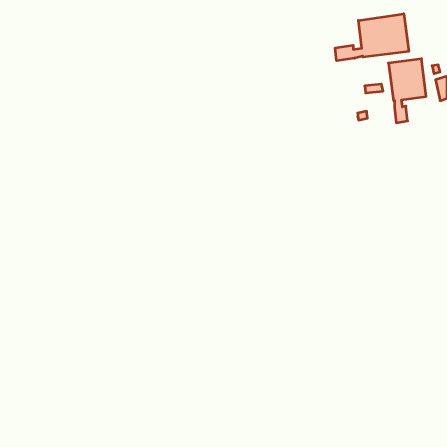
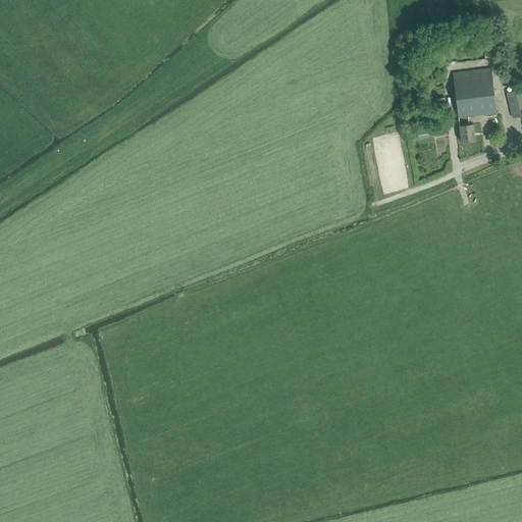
building: [335,14,409,61] -> none

